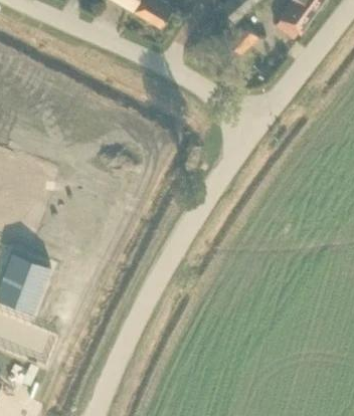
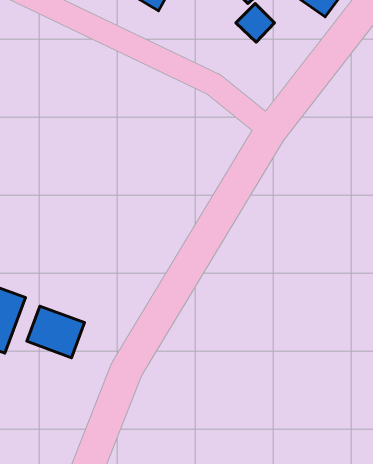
building: none -> [27,306,84,358]

